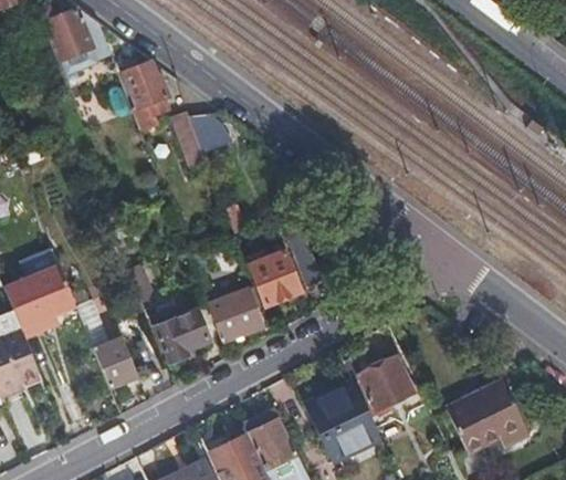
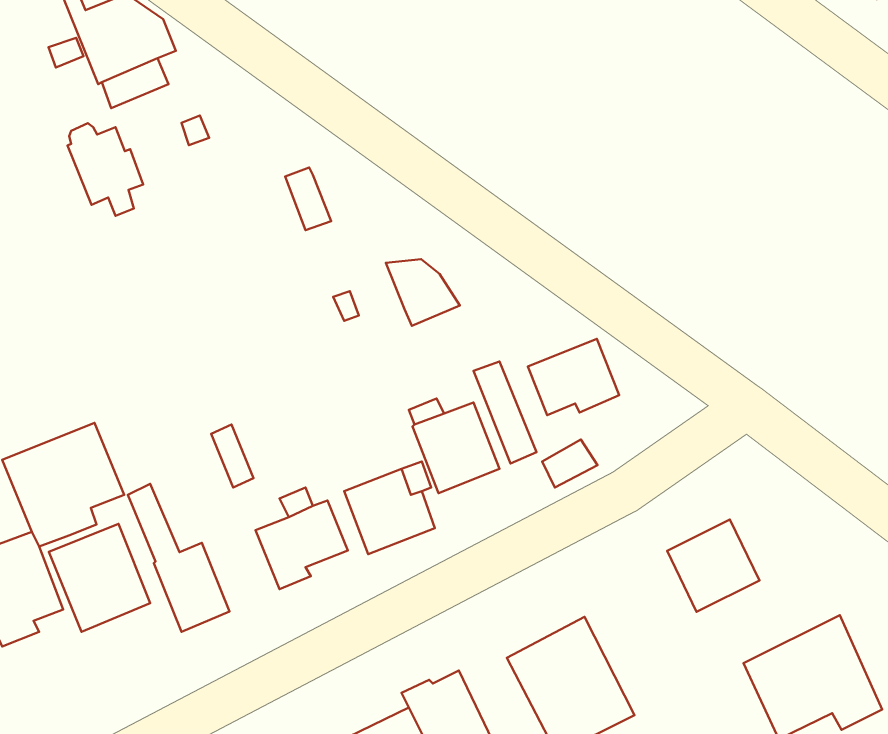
building: [124,60,169,115] -> [67,123,143,216]
building: [189,114,233,154] -> [386,259,460,326]
building: none -> [528,339,619,415]
building: none -> [49,524,150,632]
building: [359,356,415,411] -> [667,519,760,612]

